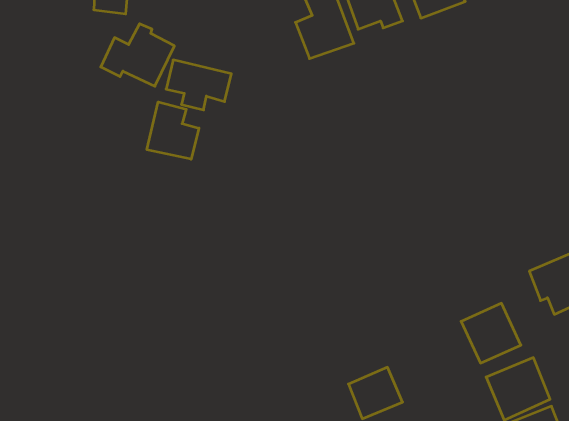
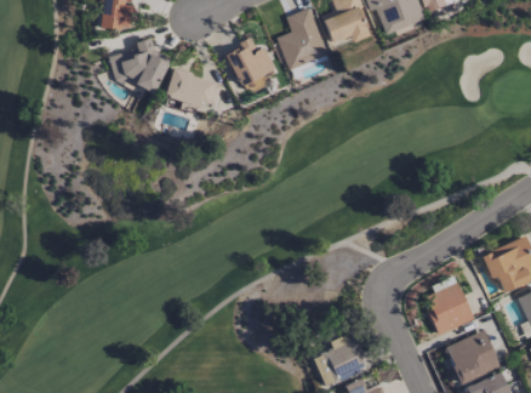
building: none -> [224,40,276,87]
building: [147,102,199,159] -> none

